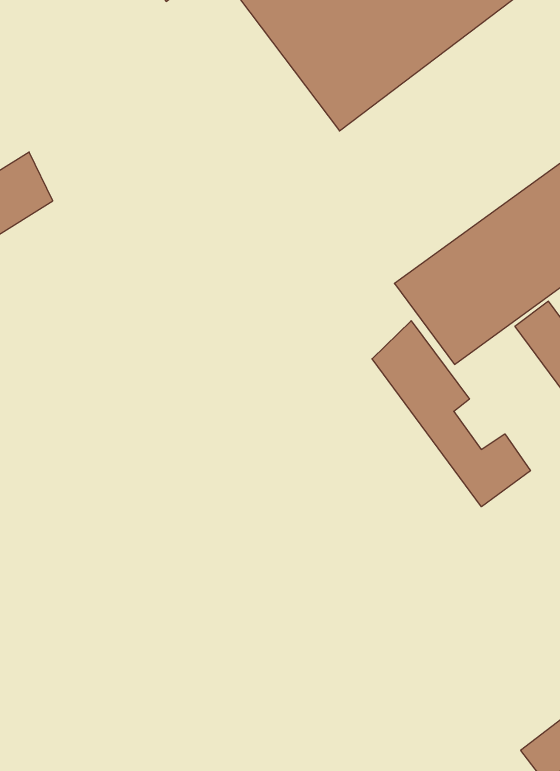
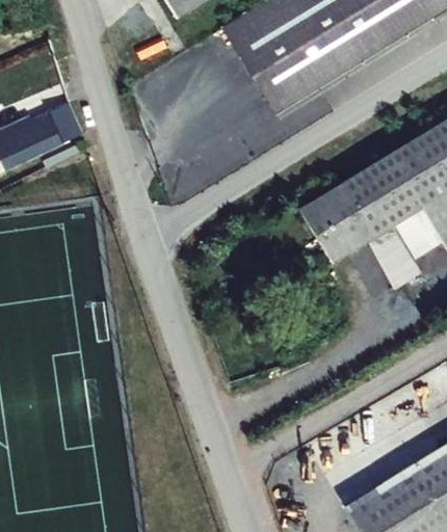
building: [372,321,530,507] -> none

